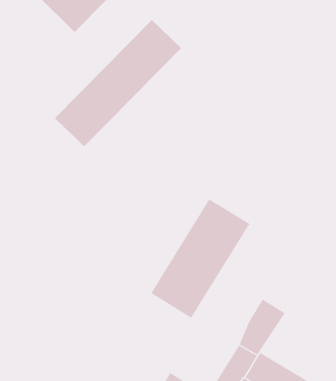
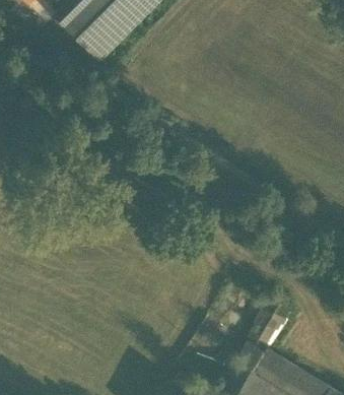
building: [54,19,182,147] -> none
building: [150,198,250,319] -> none

